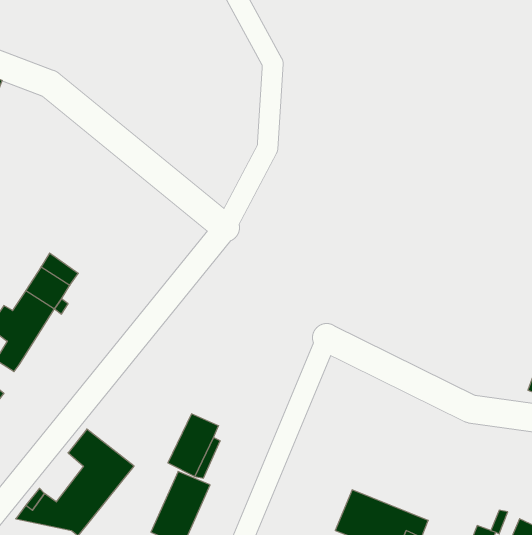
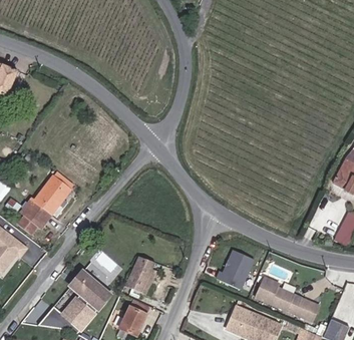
building: none -> [219,253,256,295]
building: none -> [251,270,315,314]

